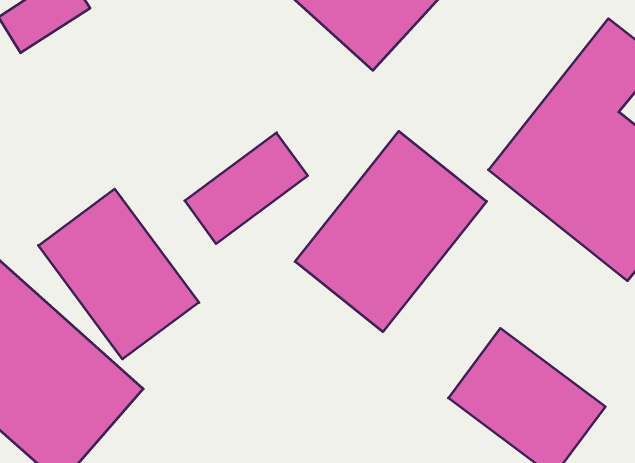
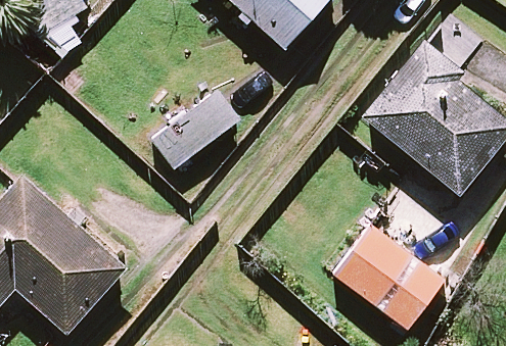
building: [295,131,487,332] -> none
building: [38,189,199,359] -> none

